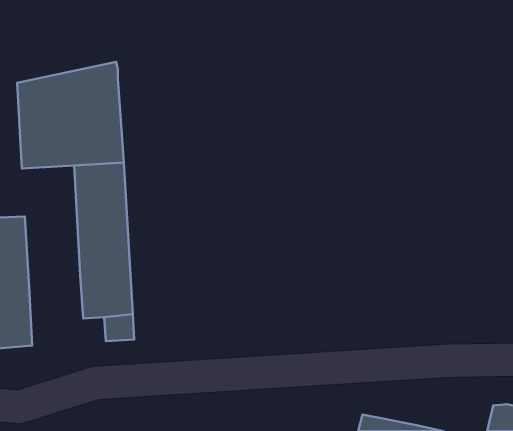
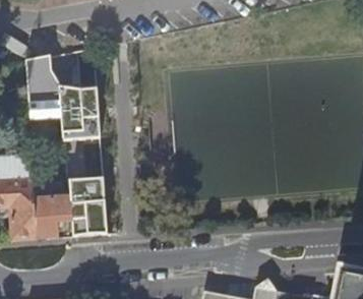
building: none -> [33,189,69,237]

